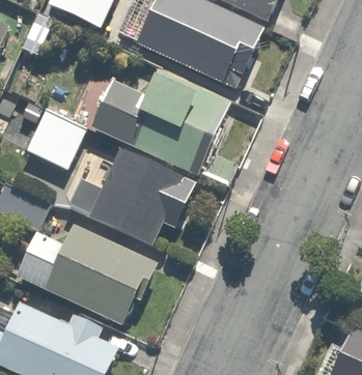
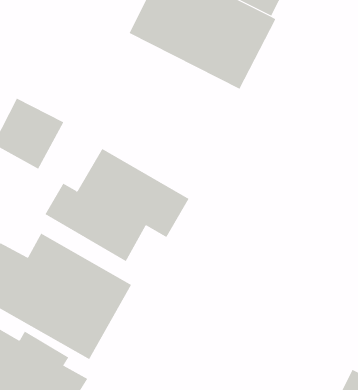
building: [91,69,230,175] -> none

